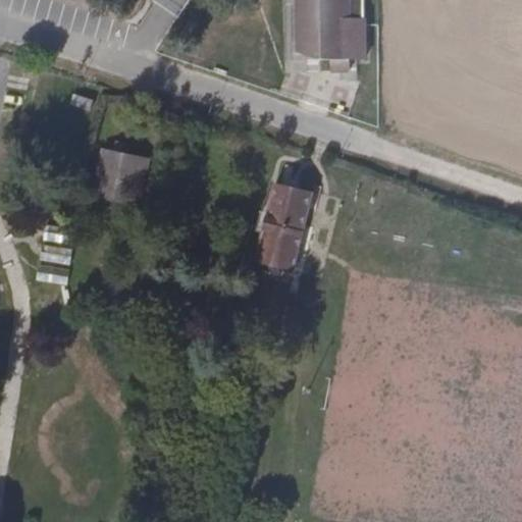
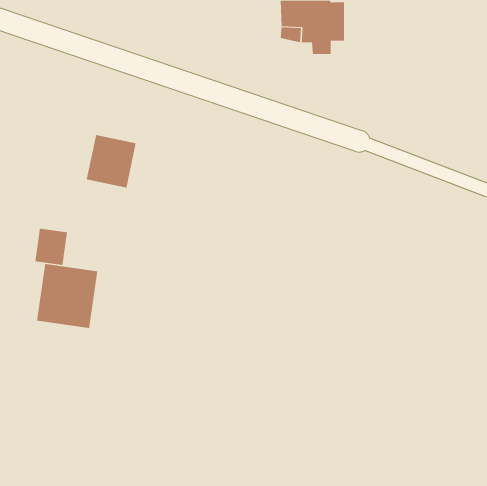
building: [256,182,310,273] -> none
building: none -> [36,263,98,329]

